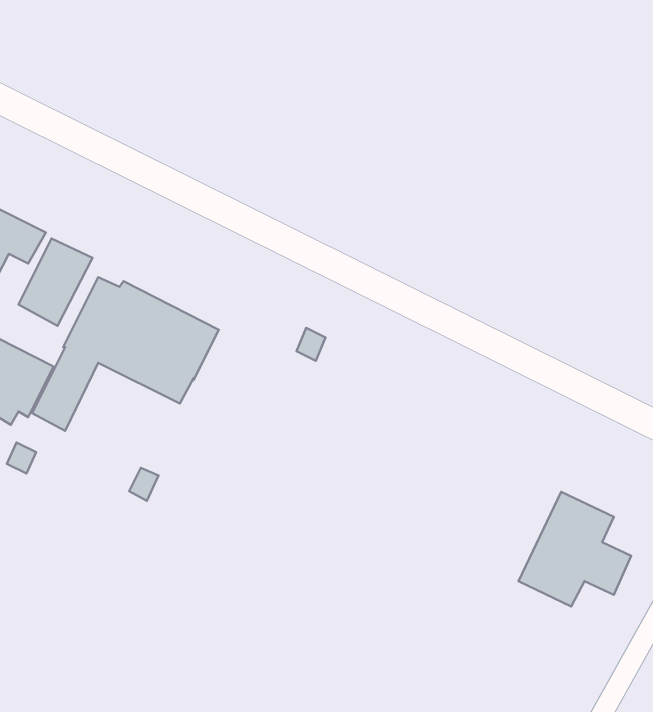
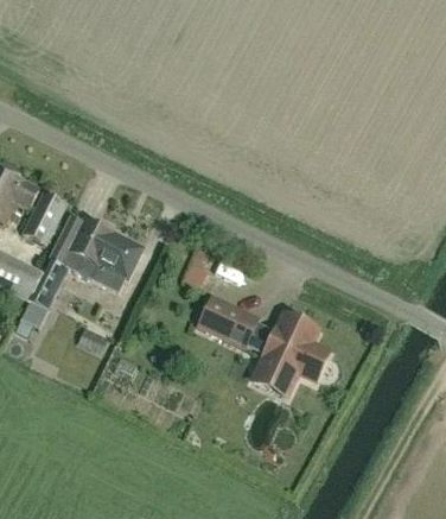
building: none -> [197,293,261,349]
building: [519,492,631,606] -> [259,314,327,384]

